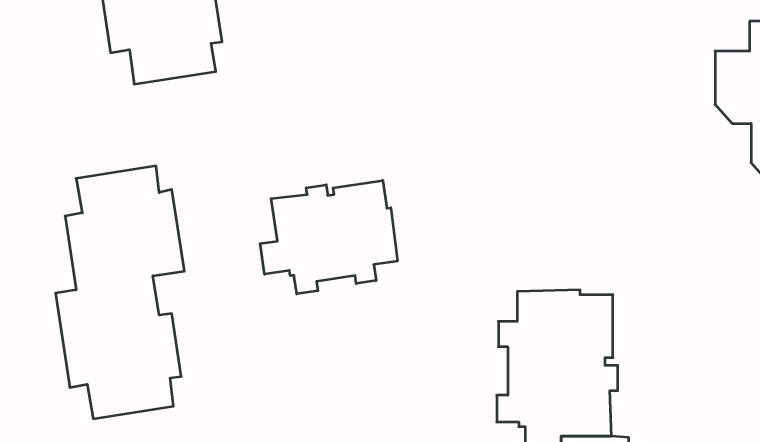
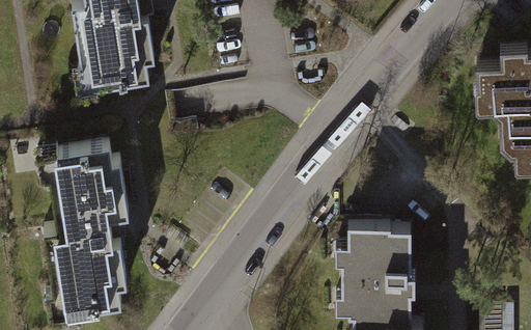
building: [260,180,397,294] -> none

